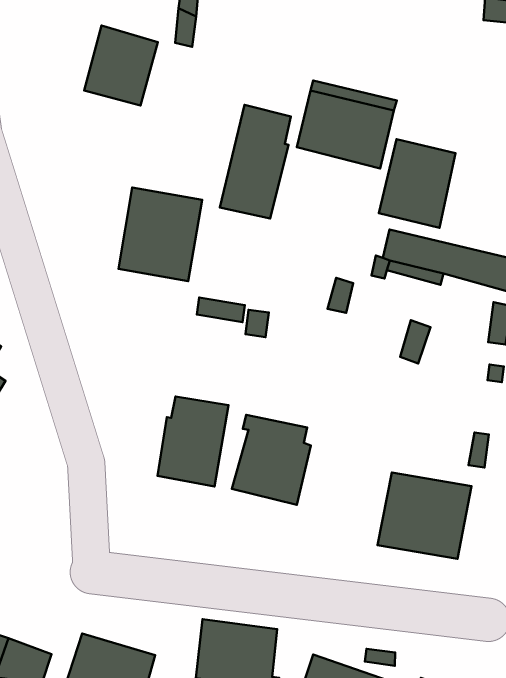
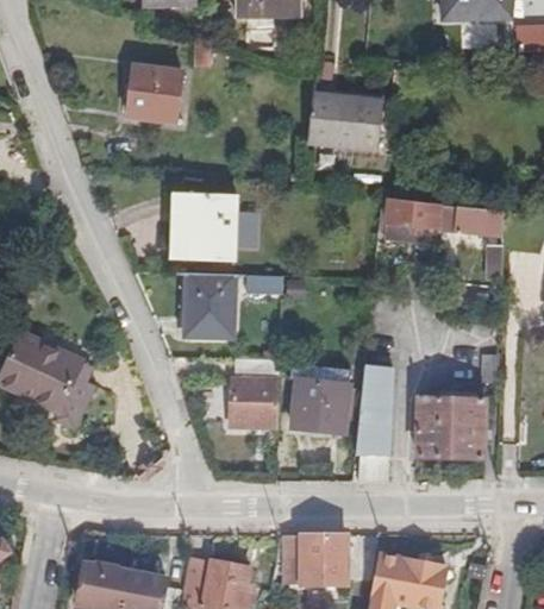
building: [220,105,291,219] -> none
building: [379,139,456,228] -> none
building: none -> [174,274,233,338]
building: none -> [358,365,396,483]

